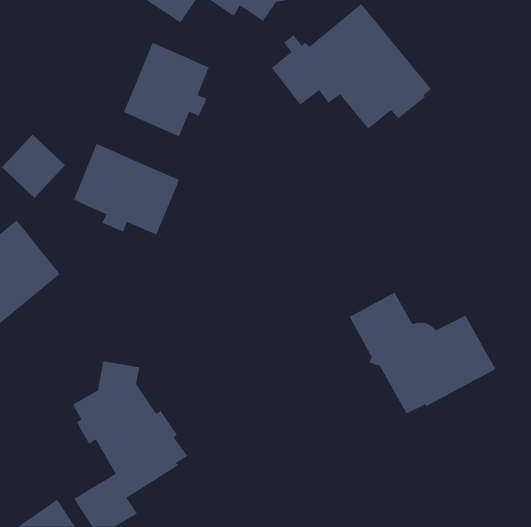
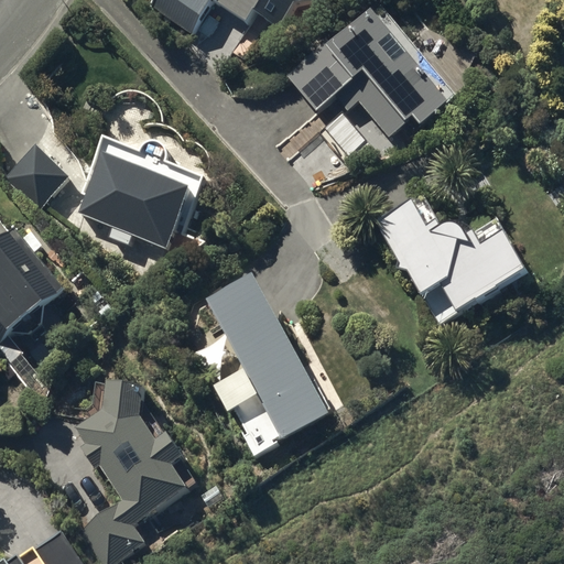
building: [123,42,209,137] -> none
building: none -> [207,279,329,455]
building: [349,292,496,414] -> [375,194,530,323]

